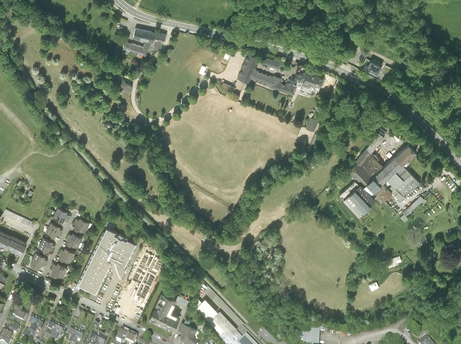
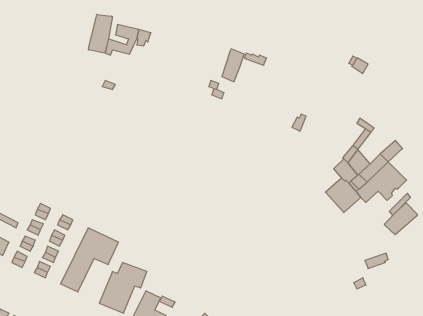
building: none -> [89,14,112,53]
building: [251,68,324,95] -> none
building: none -> [384,203,417,235]

